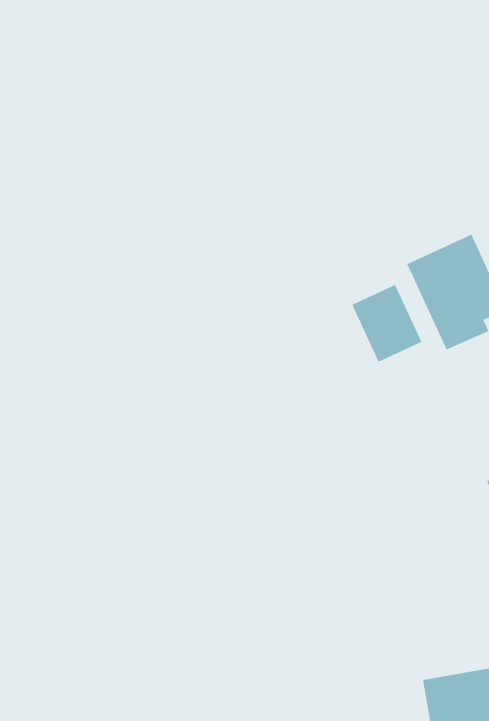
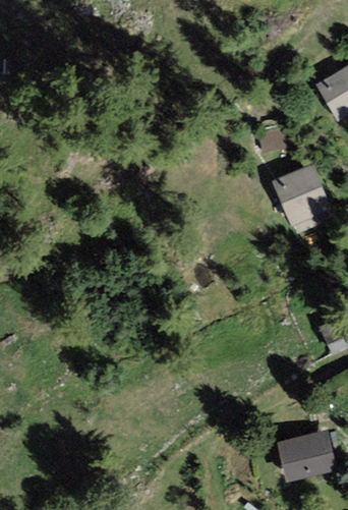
building: [351,284,423,363] -> none

